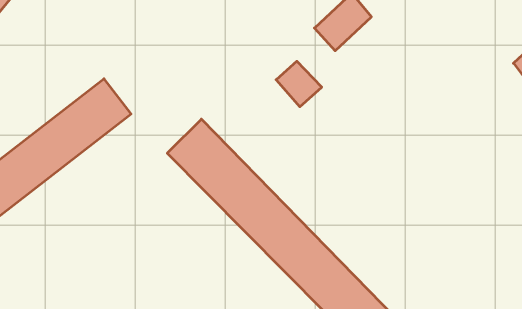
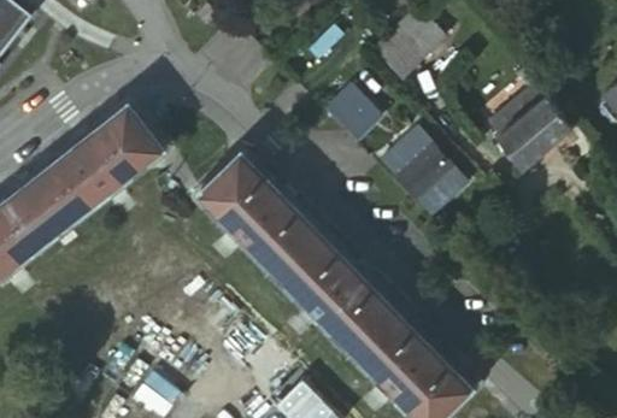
building: none -> [486,88,576,175]
building: none -> [386,135,464,214]

